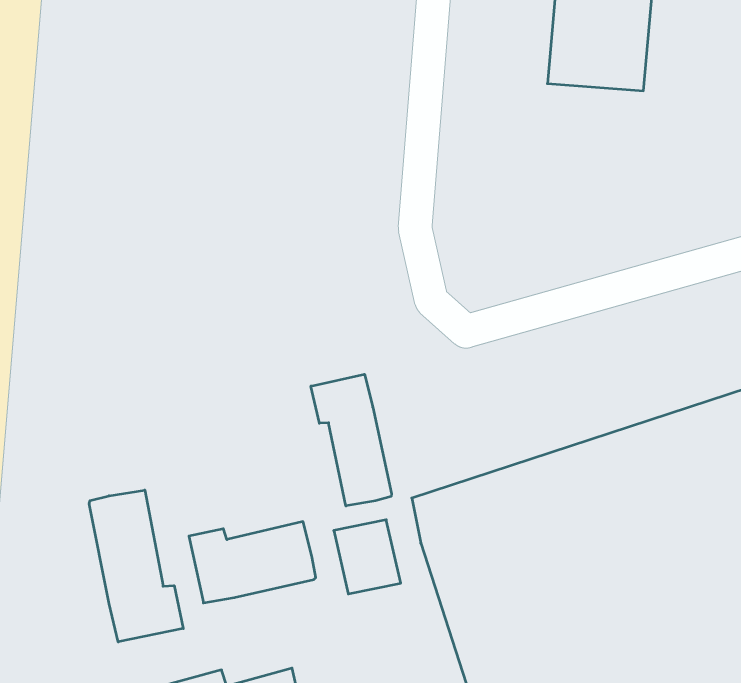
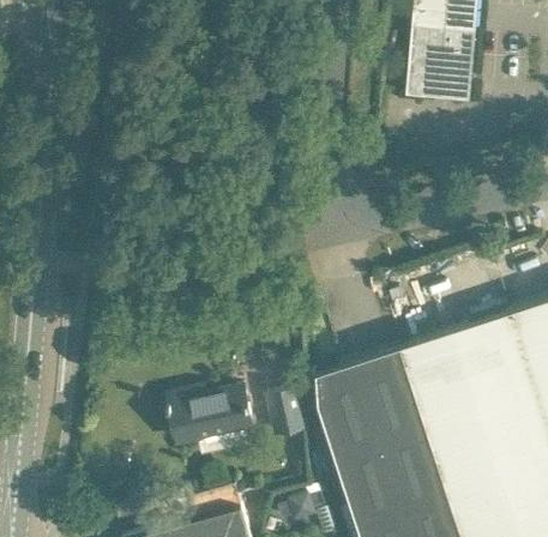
building: [311,374,392,506] -> none
building: [89,490,183,642] -> none

